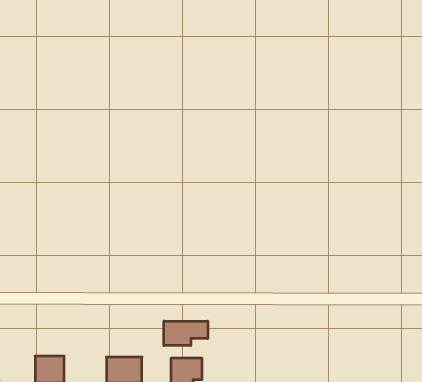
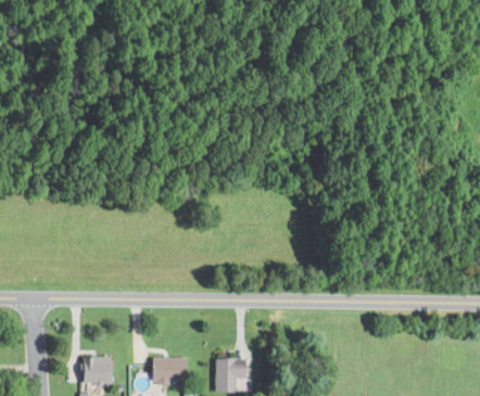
building: [164,321,208,346] -> none

